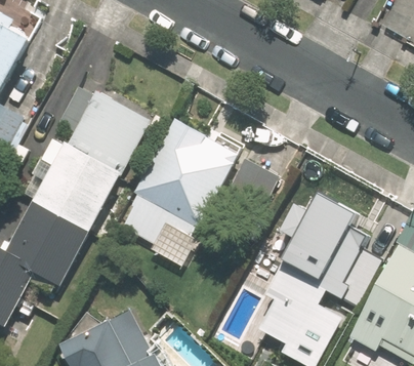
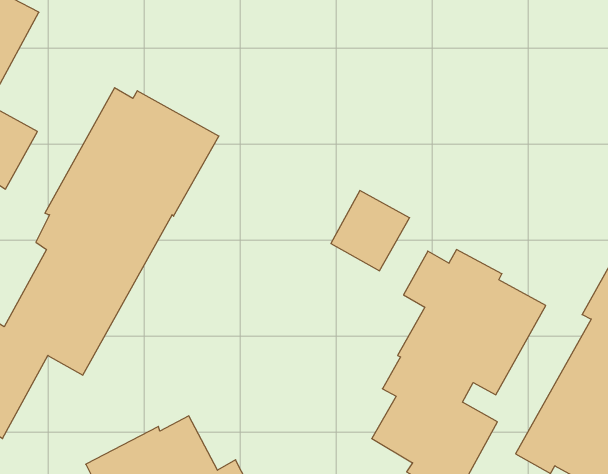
building: [120,123,239,235] -> none

